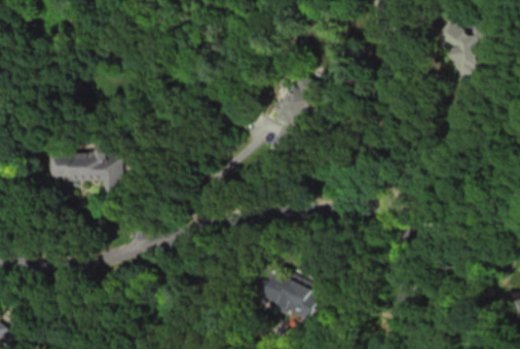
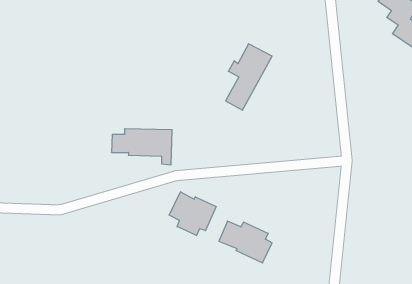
building: [48,151,114,190] -> [111,129,172,165]
building: none -> [169,192,216,236]

